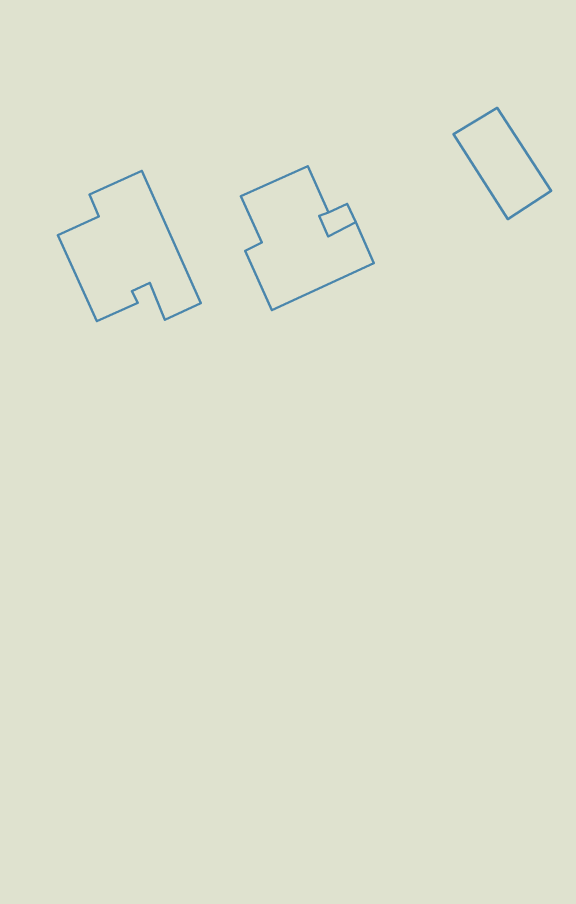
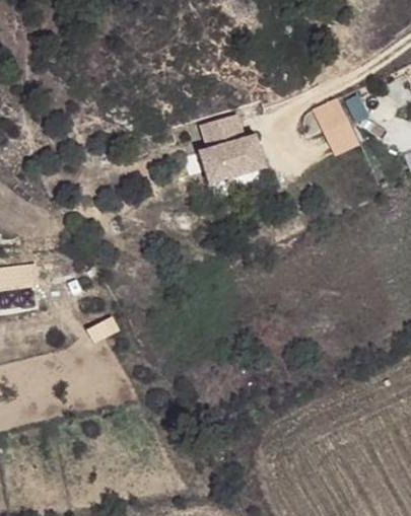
building: [58,171,201,321] -> none

